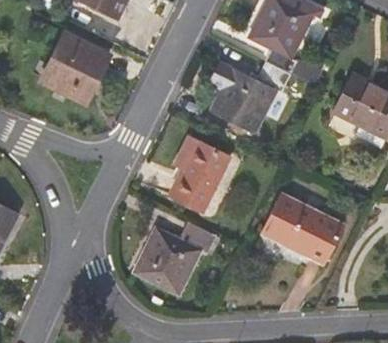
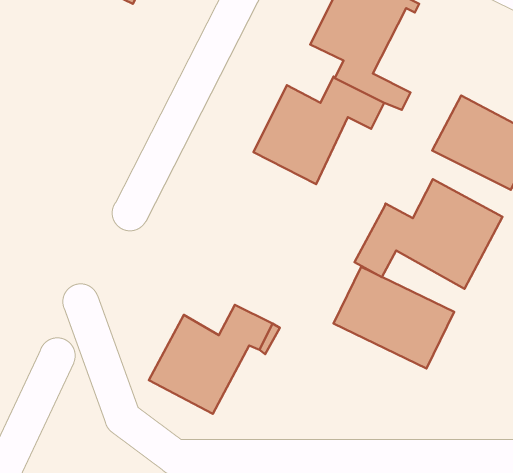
building: [40,38,109,109] -> none
building: none -> [355,179,502,289]
building: [173,135,234,210] -> none

